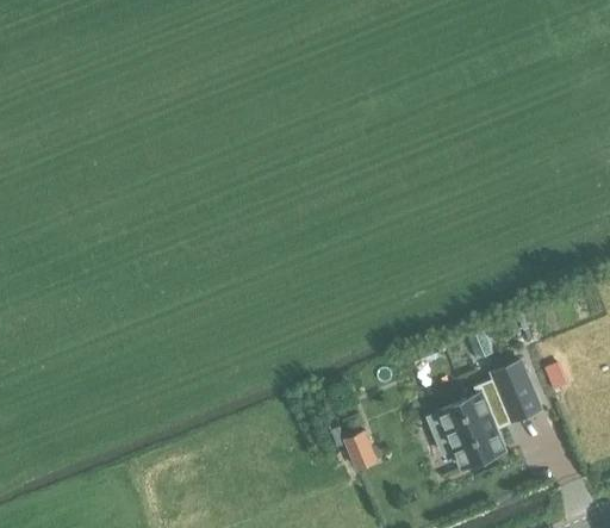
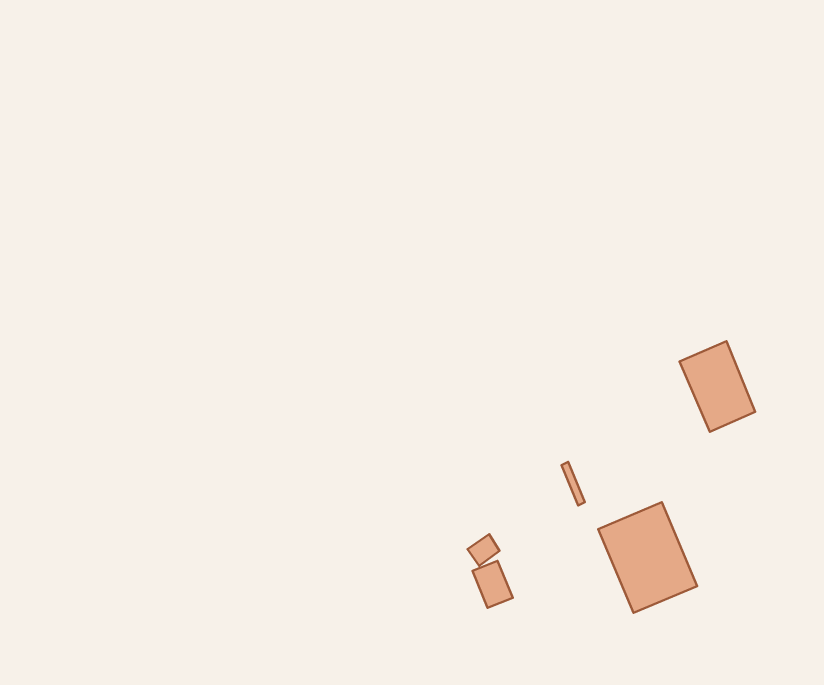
building: [488,360,542,424] -> [680,341,755,432]

